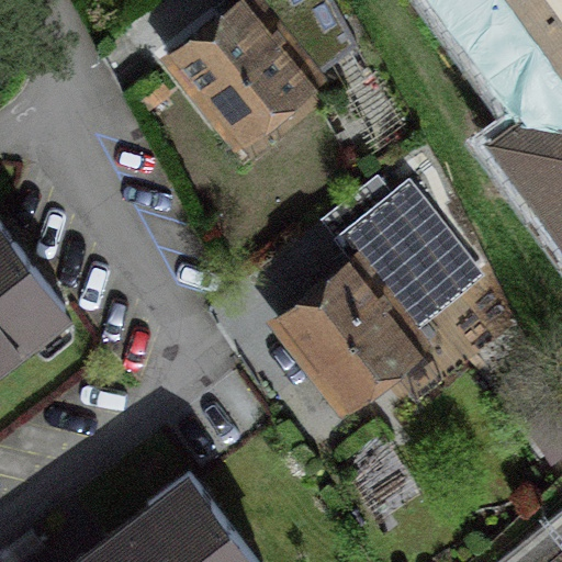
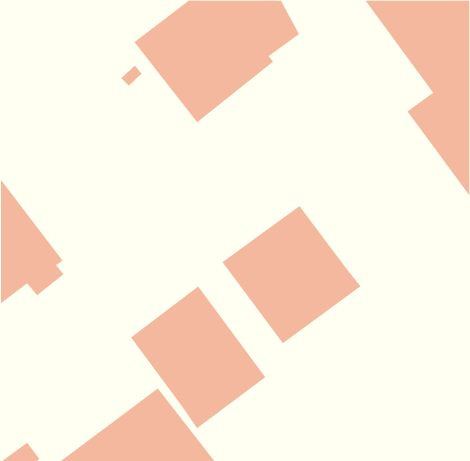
building: [333,181,482,330] -> none
building: none -> [130,286,266,429]

